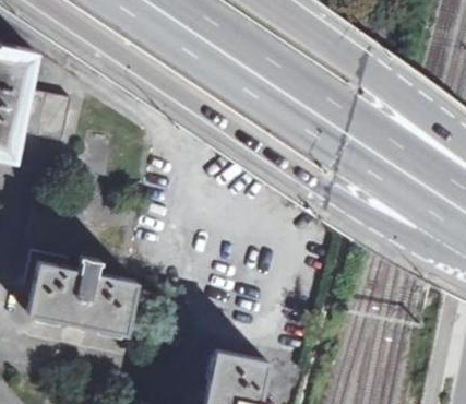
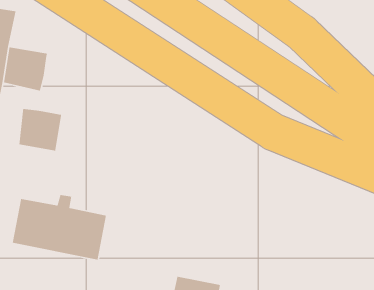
building: none -> [18,108,62,152]

